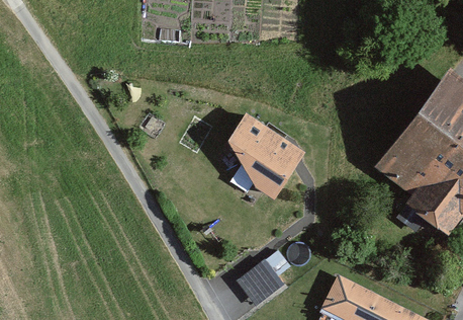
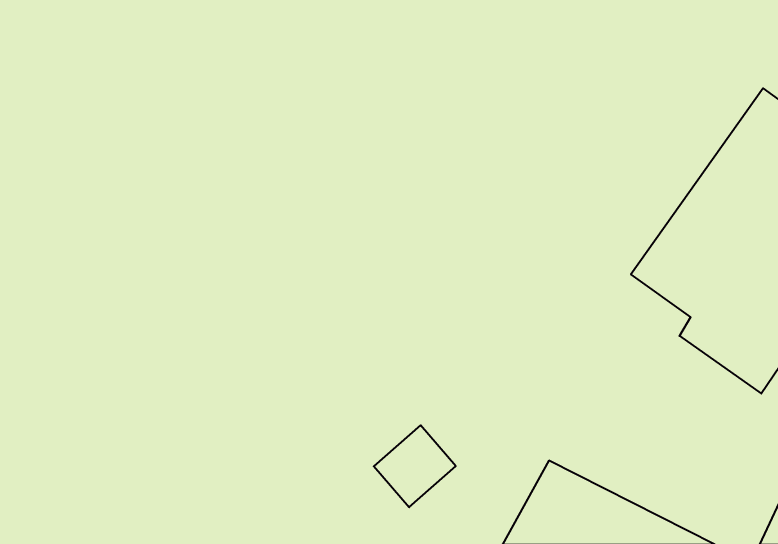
building: [214,112,309,204] -> none

